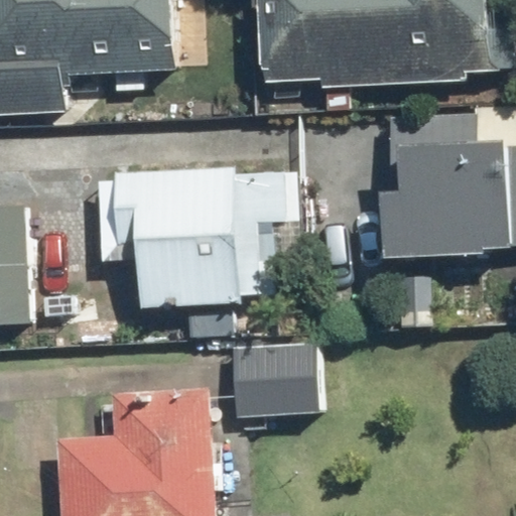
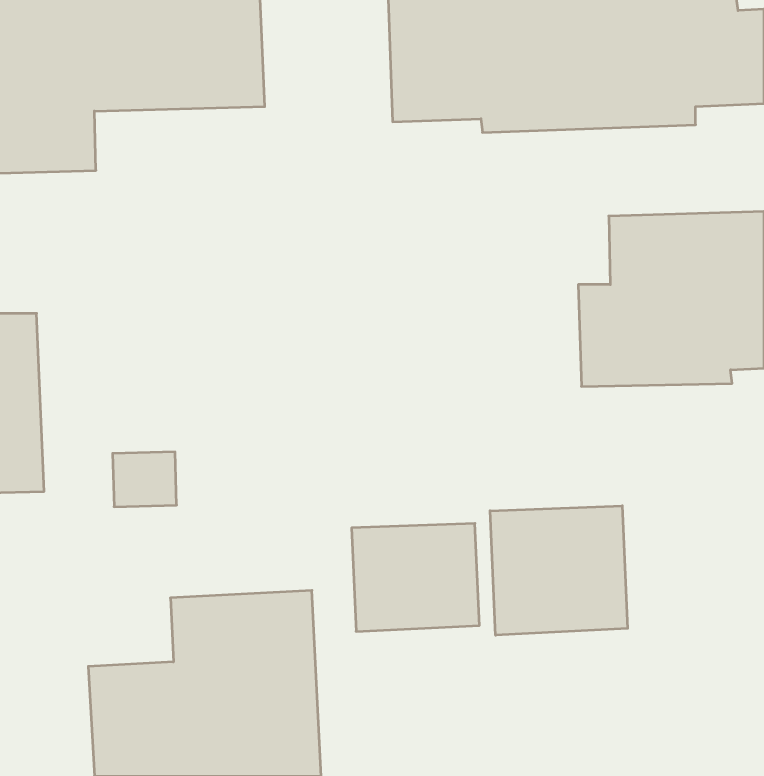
building: [116,166,287,306] -> none
building: none -> [490,506,628,635]

